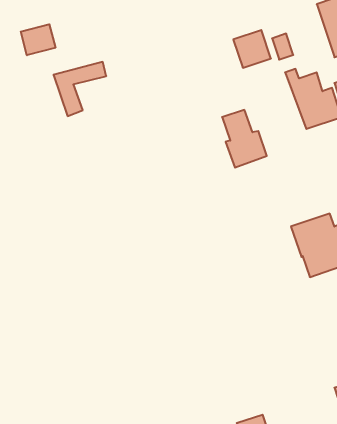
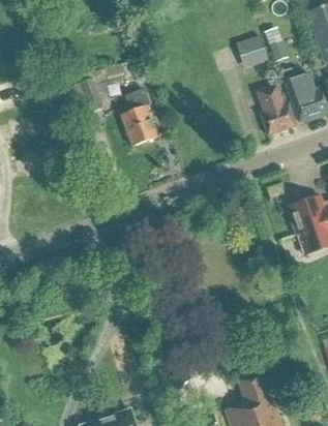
building: [21,24,55,55] -> none
building: none -> [120,88,157,146]
building: [222,110,267,168] -> [257,85,296,135]

